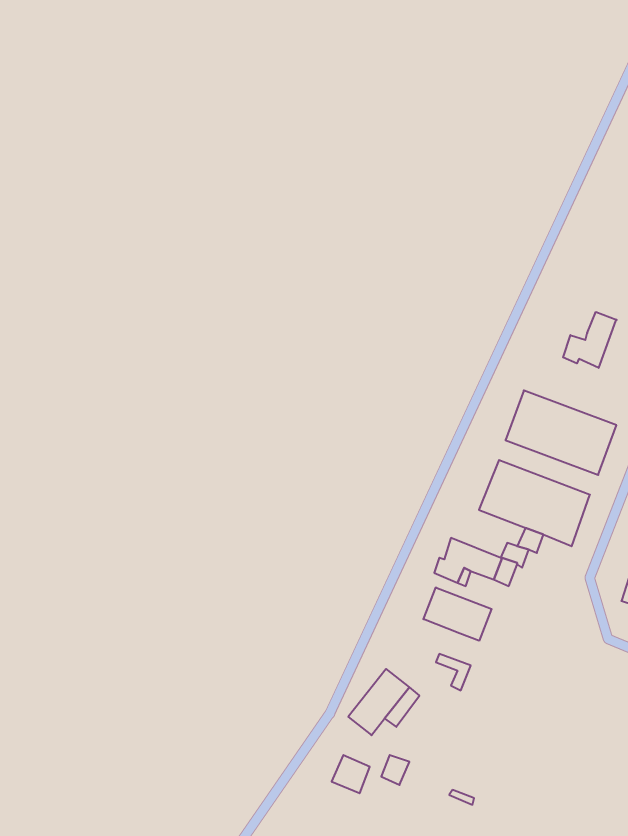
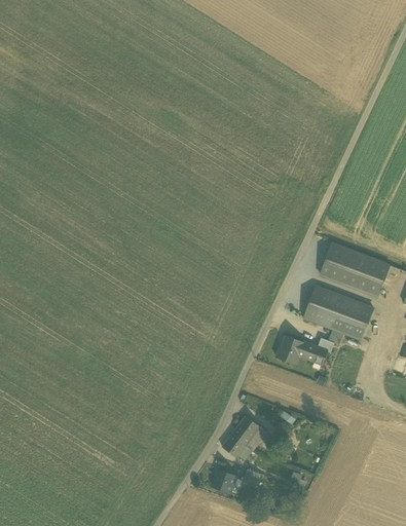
building: [563,312,617,368] -> none
building: [423,587,492,641] -> none

